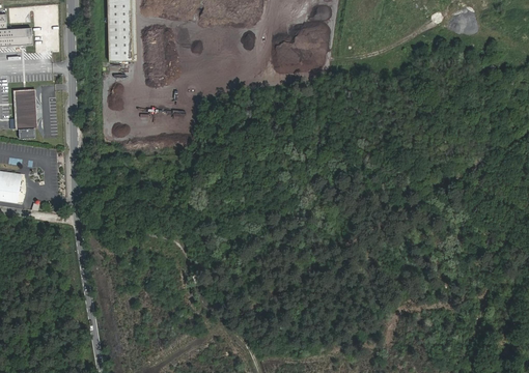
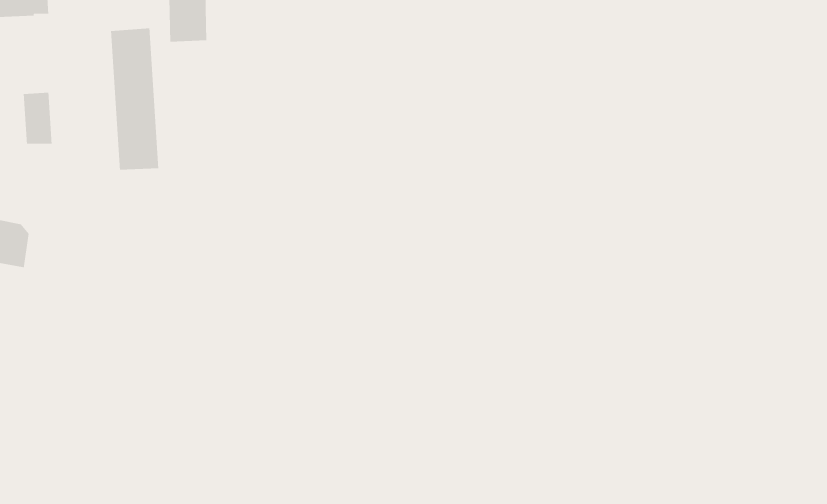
building: none -> [110,27,159,171]

